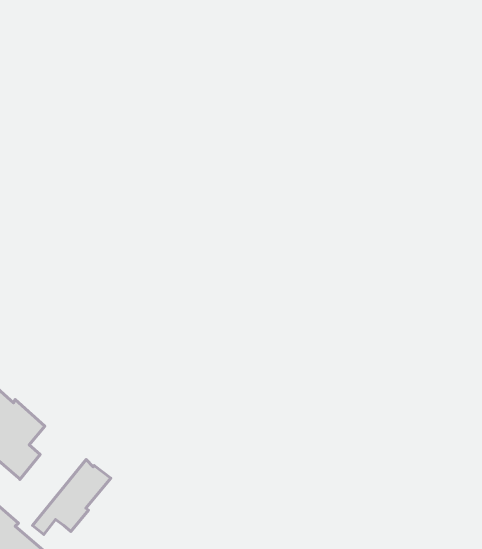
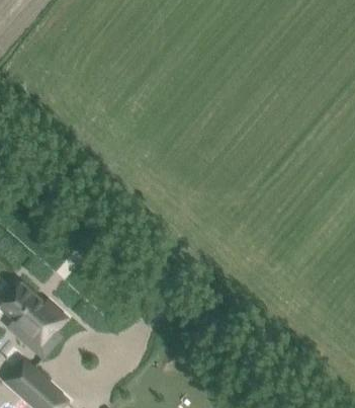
building: [33,460,111,534] -> none

